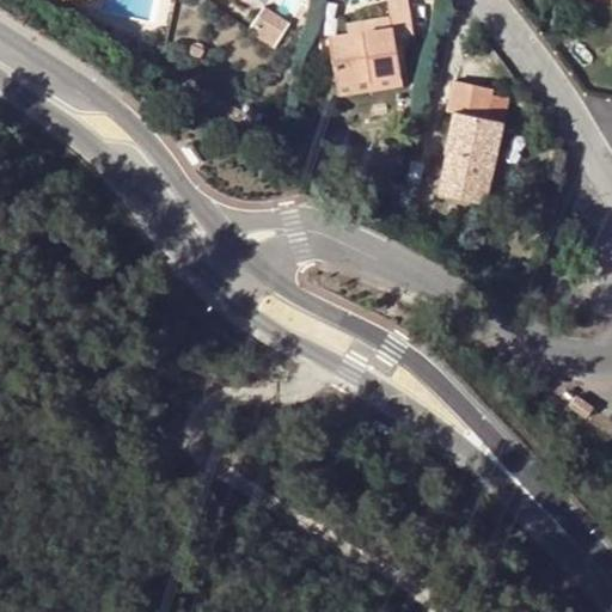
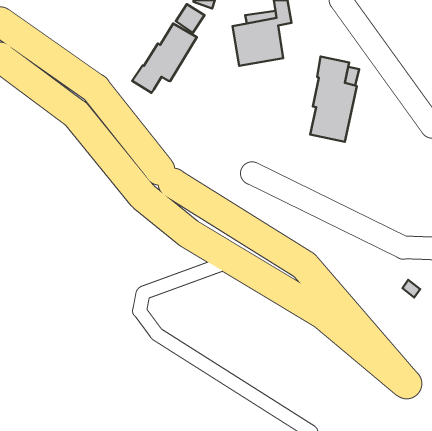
building: none -> [132,23,197,93]

